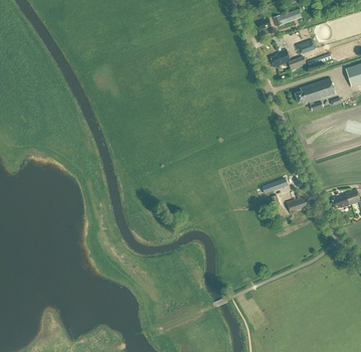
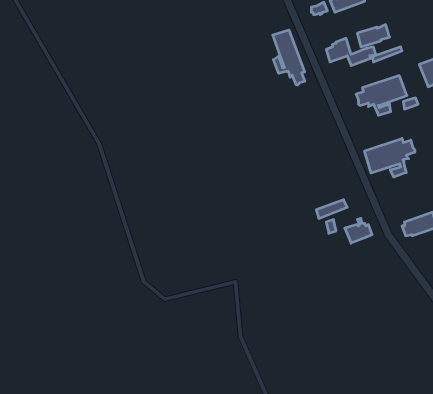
building: none -> [273,30,305,85]
building: none -> [365,138,415,177]

